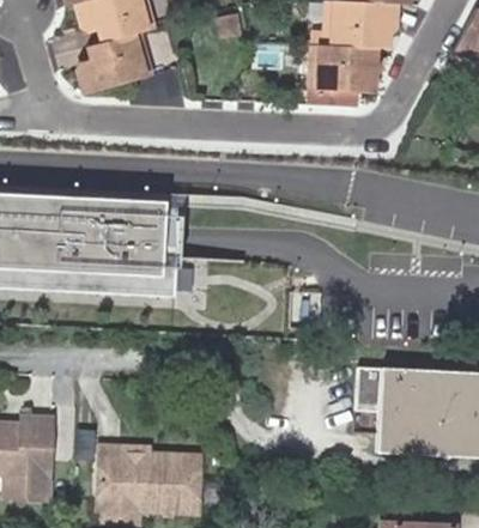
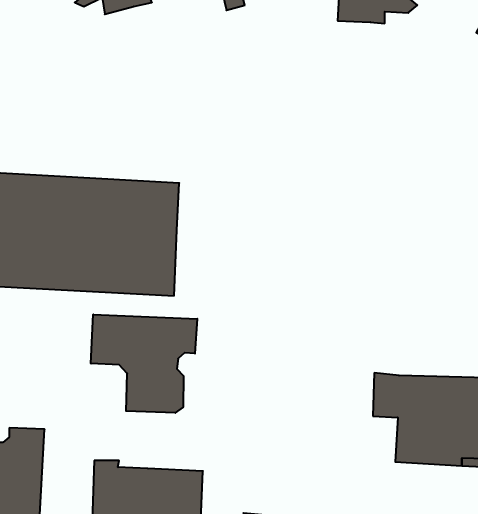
building: [79,32,151,92] -> none
building: [311,45,381,93] -> none
building: none -> [91,314,197,413]

